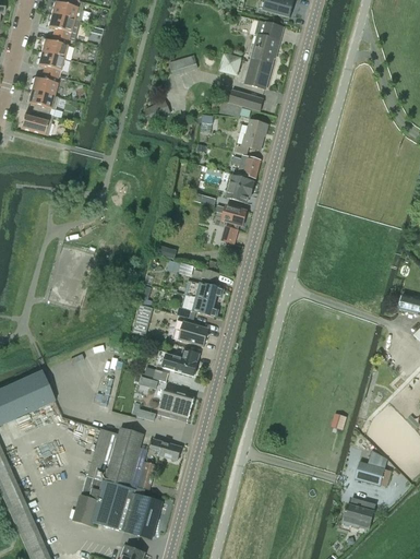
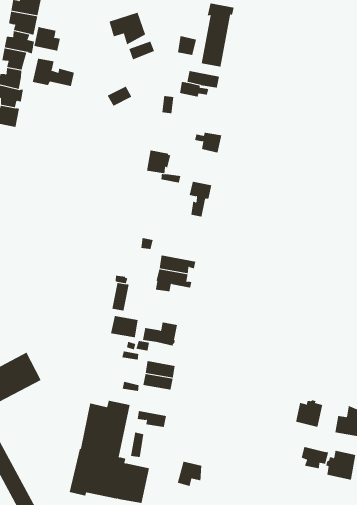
building: none -> [109,12,146,45]
building: none -> [34,26,61,52]
building: none -> [32,58,74,87]
building: [236,119,267,153] -> none
building: [227,175,254,201] -> [146,150,171,174]
building: [178,320,208,345] -> [110,315,138,338]
building: none -> [295,399,323,428]
building: none -> [301,446,329,469]
building: none -> [177,461,202,487]

